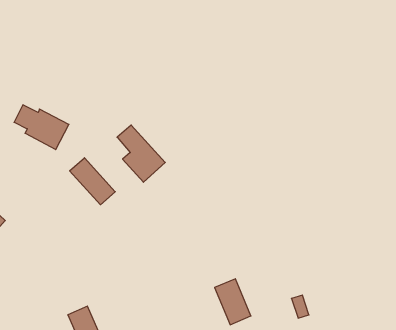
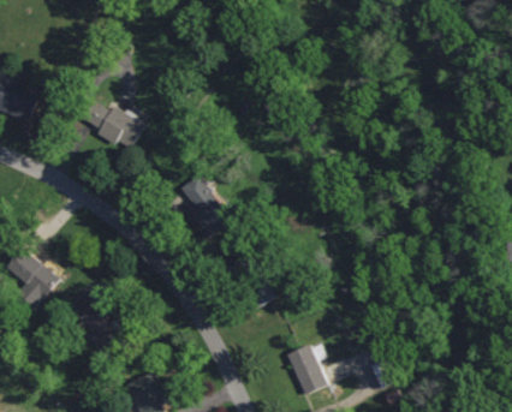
building: [14,105,69,150] -> [84,102,144,151]
building: [70,158,115,205] -> none

